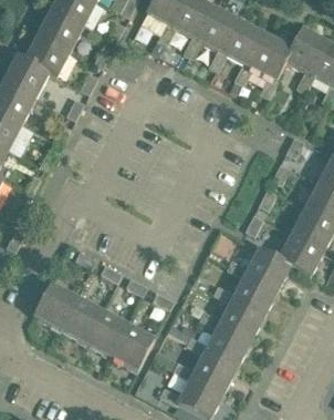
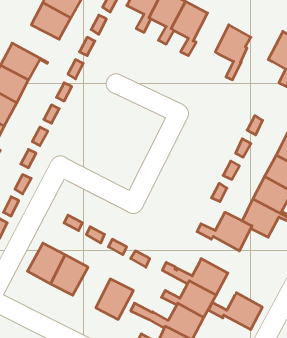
building: [225,19,265,82] -> none
building: [284,27,327,90] -> none
building: [17,32,71,75] -> none
building: [216,275,278,317] -> [208,293,262,330]
building: [86,310,129,357] -> none

